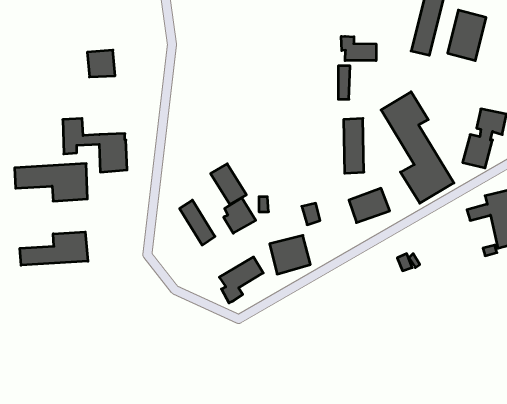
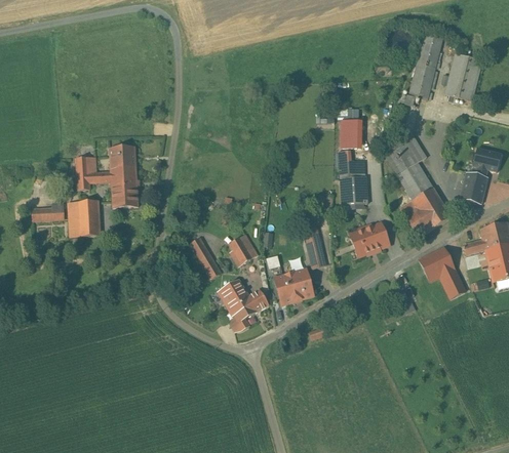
building: [341,36,376,61] -> none
building: [87,50,115,77] -> [110,147,136,172]
building: [211,164,246,205] -> none
building: none -> [421,249,465,298]
building: [20,232,88,265] -> none
building: none -> [218,279,249,308]

